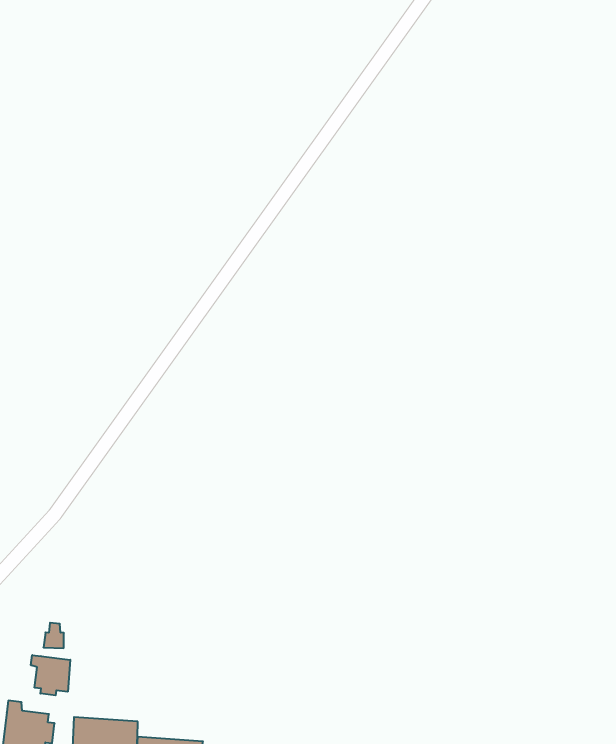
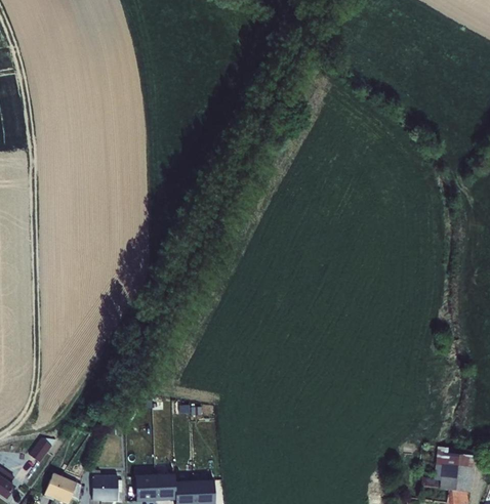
building: [31,655,70,695] -> none

